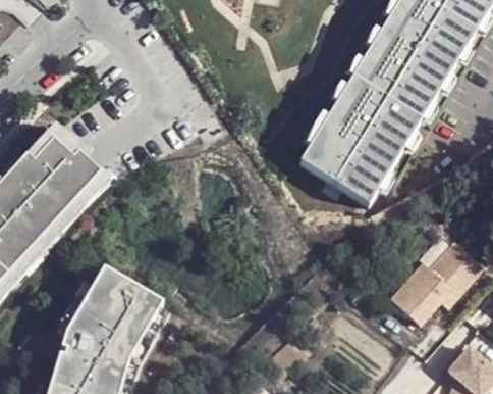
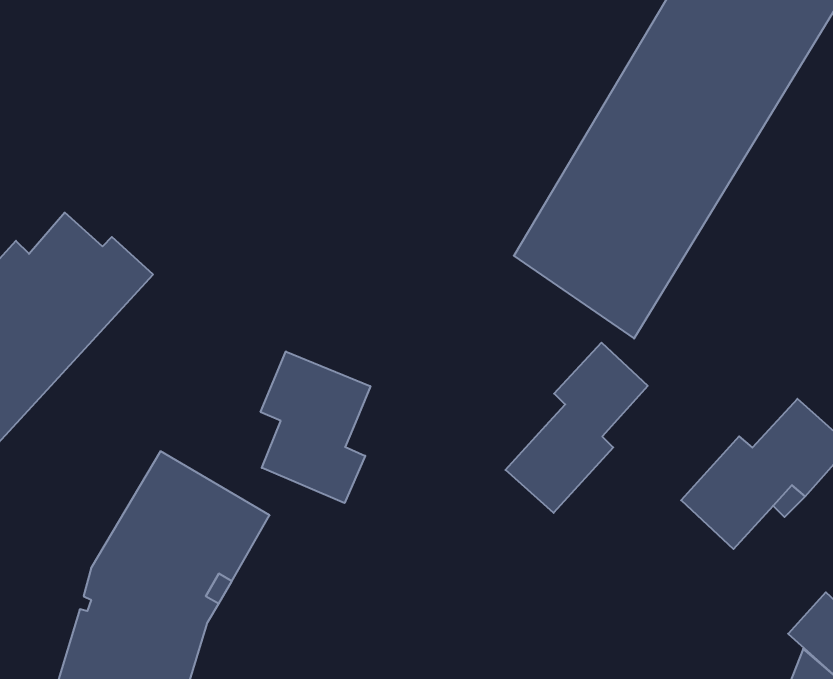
building: none -> [505,343,648,513]
building: none -> [261,351,370,503]

